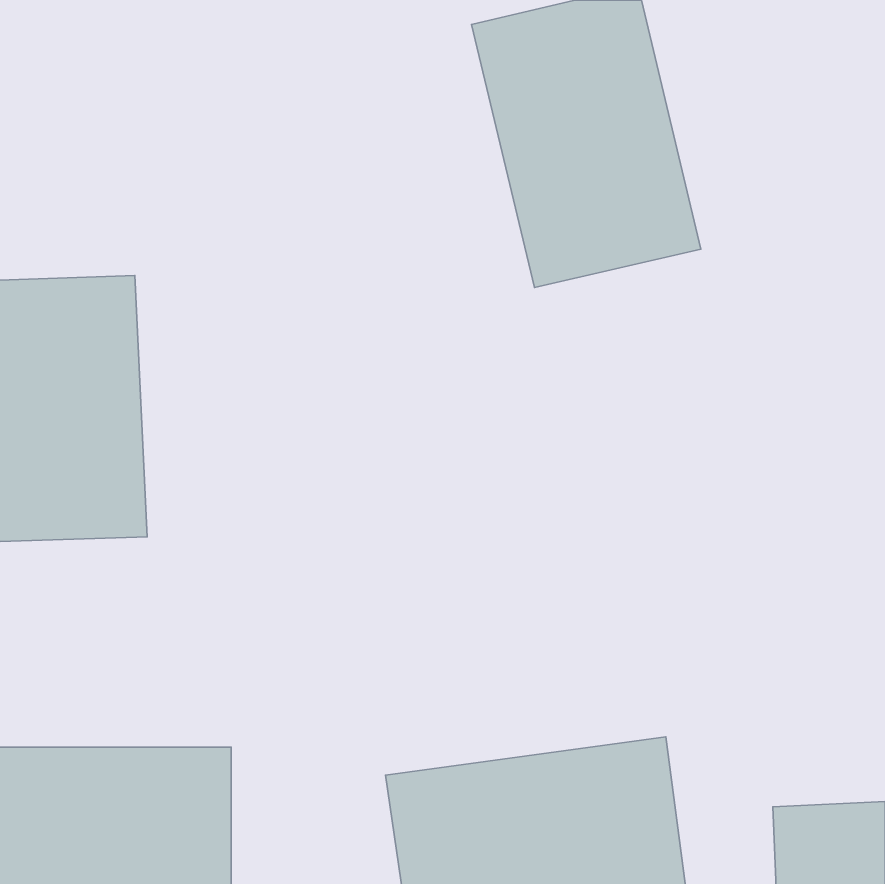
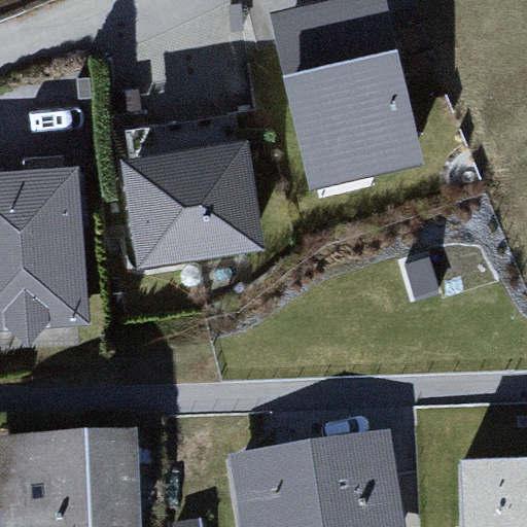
building: none -> [122,124,267,257]

